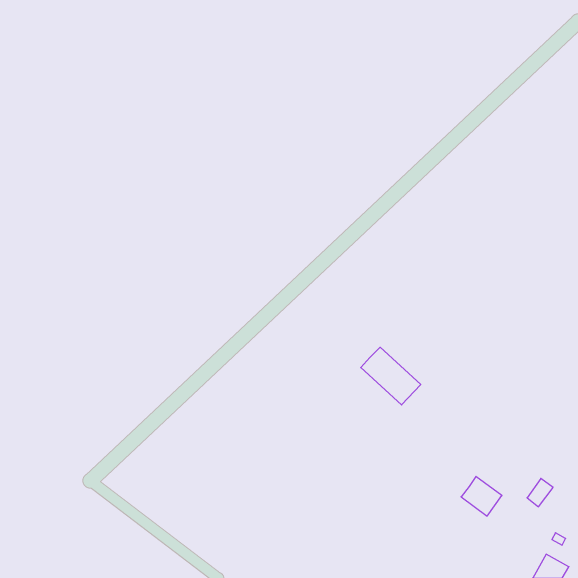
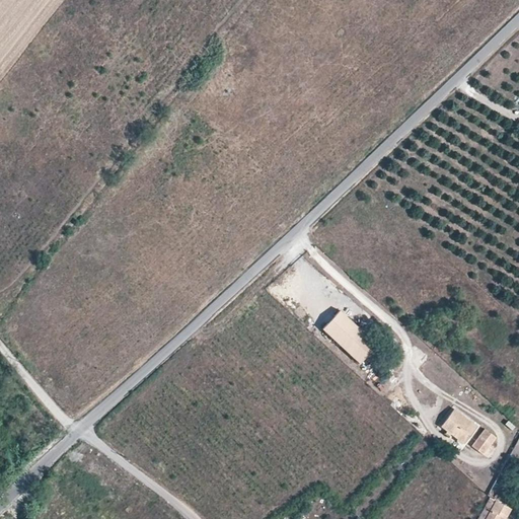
building: [461,476,502,516] -> [441,409,477,444]

